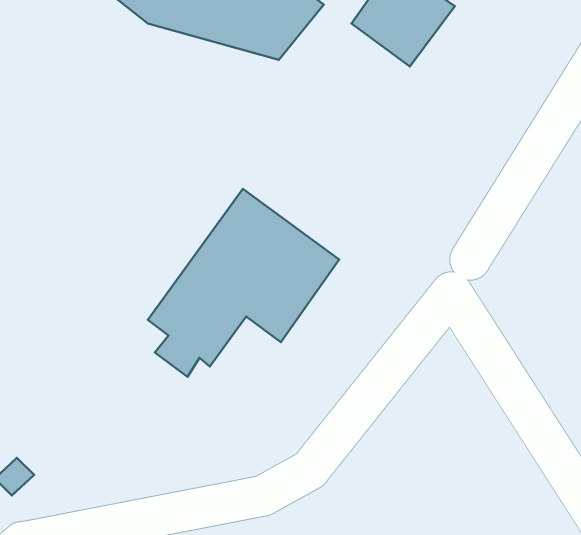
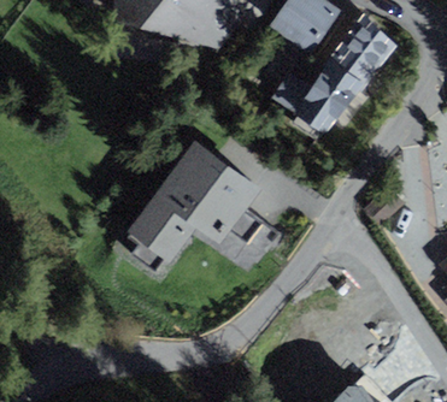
building: none -> [271,13,398,137]

